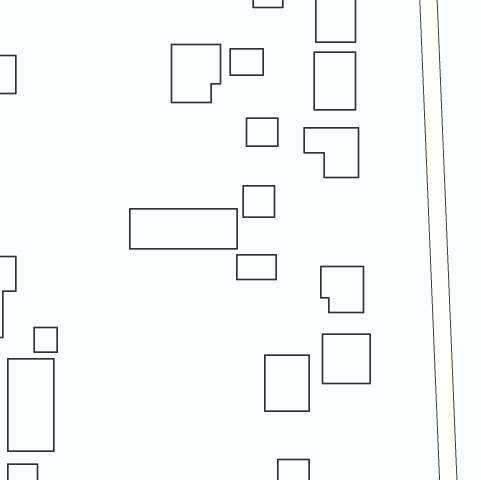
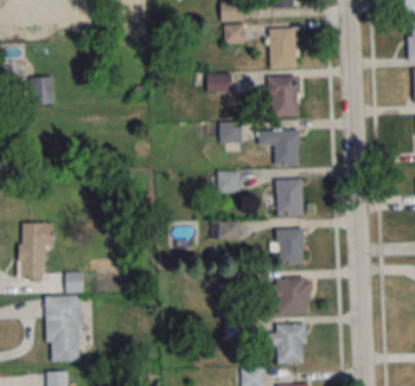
building: [171,45,221,102] -> none
building: none -> [276,179,302,213]
building: [130,209,237,249] -> none
building: [265,355,309,411] -> [274,323,306,364]

